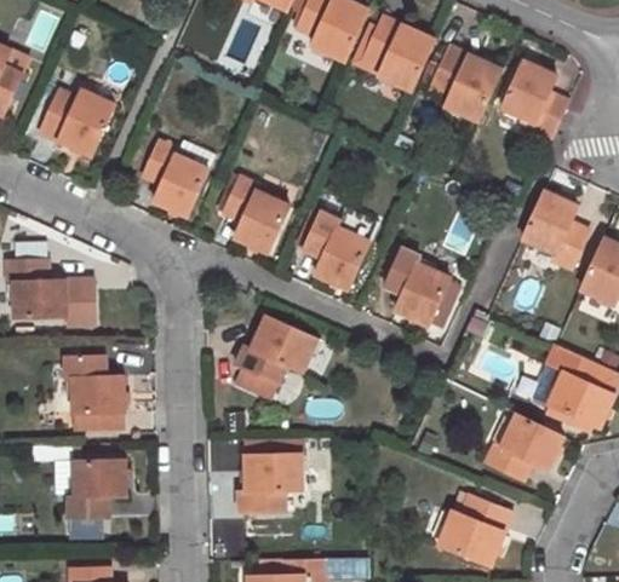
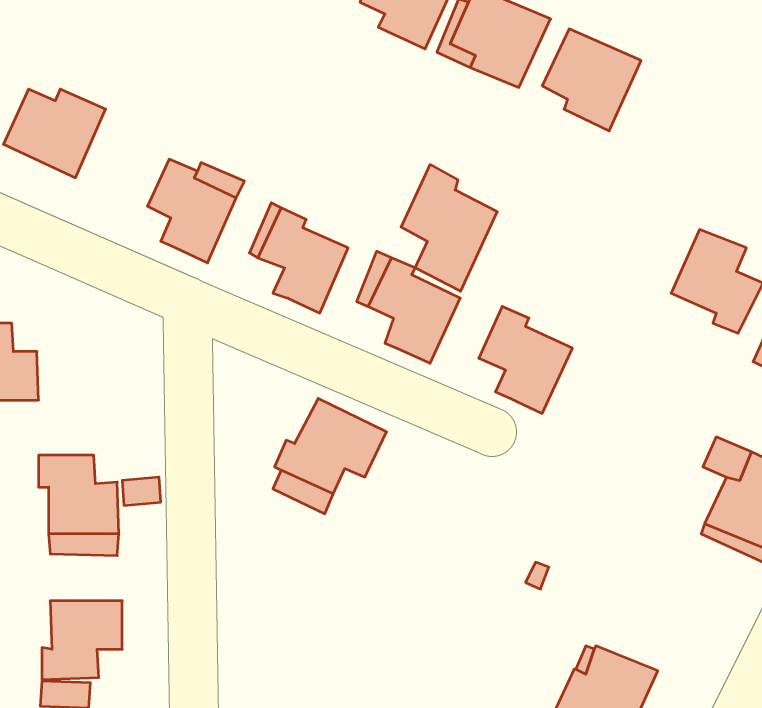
building: [501,62,567,138] -> none
building: none -> [401,165,497,291]
building: [63,280,92,324] -> none
building: [485,414,563,479] -> none
building: [239,453,302,512] -> none

